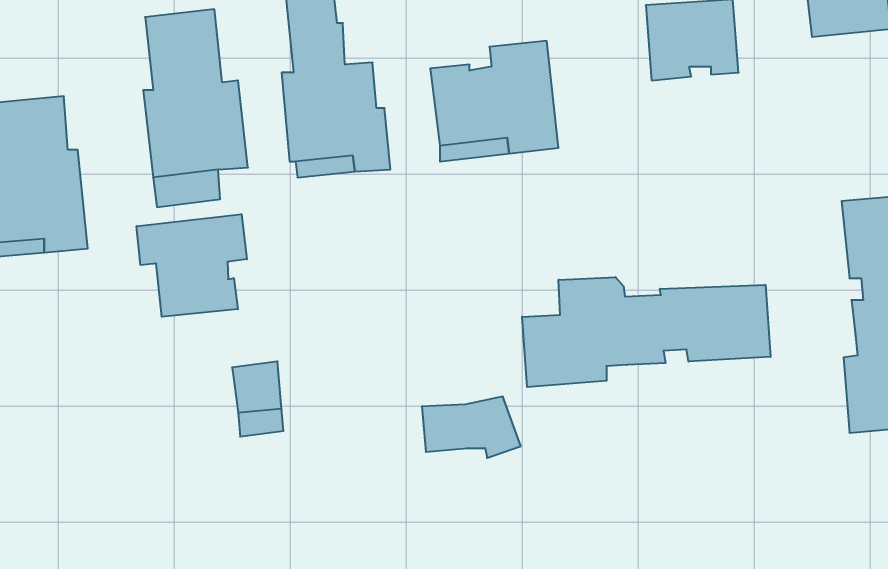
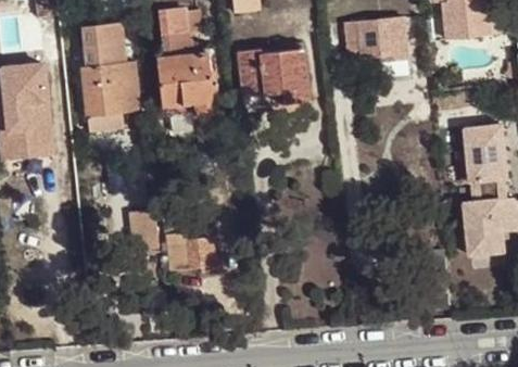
building: [137,214,247,317] -> none
building: [522,277,771,387] -> none
building: [422,397,521,458] -> [165,239,219,273]

